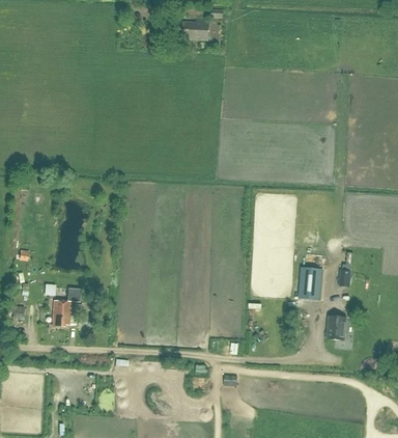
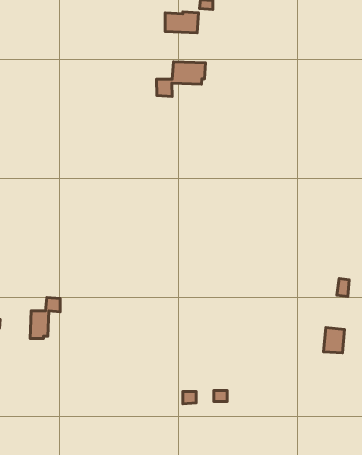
building: none -> [157,62,206,97]
building: [300,266,322,299] -> none

